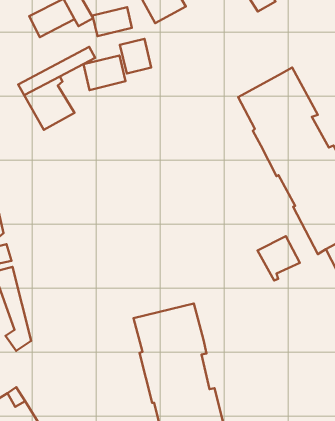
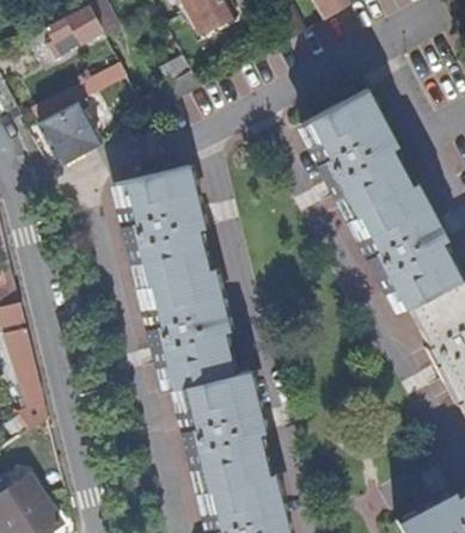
building: [93,7,132,36] -> none
building: [84,56,126,90] -> none
building: none -> [117,167,234,393]
building: [258,236,300,281] -> none

